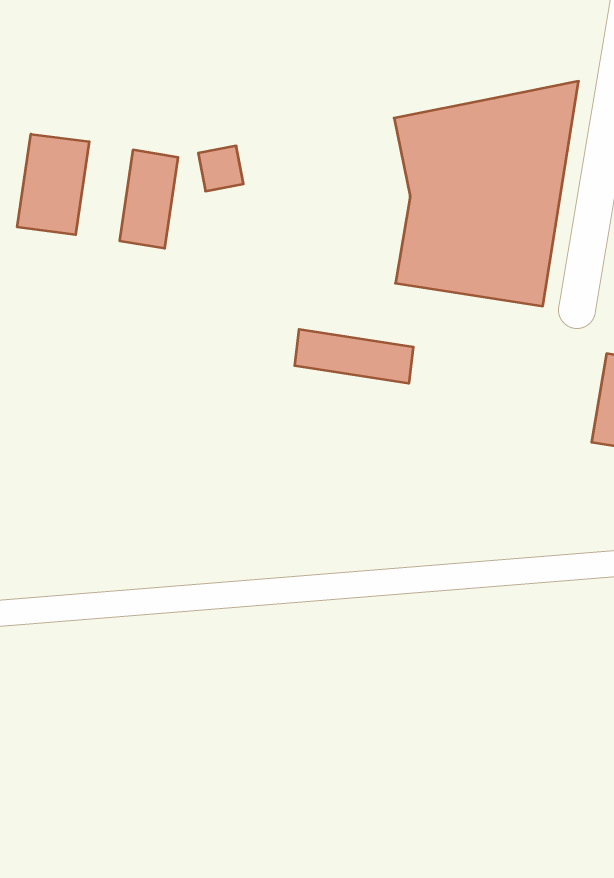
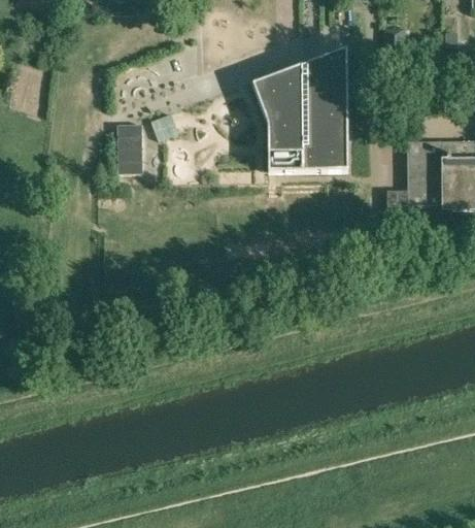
building: [17,134,89,235] -> none
building: [295,329,413,383] -> none

